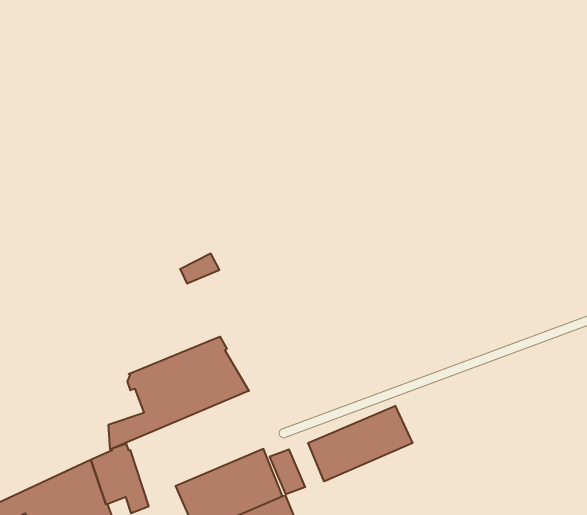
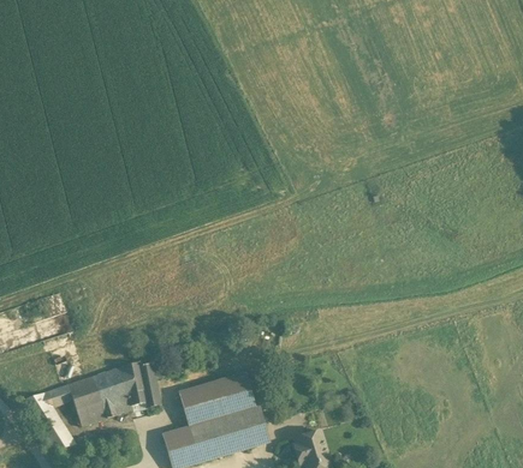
building: [109,337,249,450] -> none
building: [308,406,412,481] -> none

